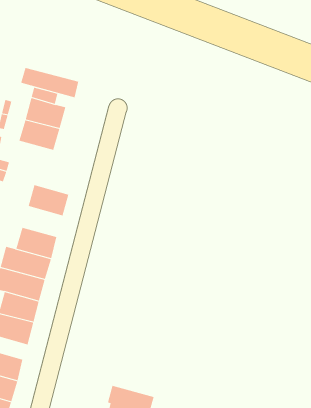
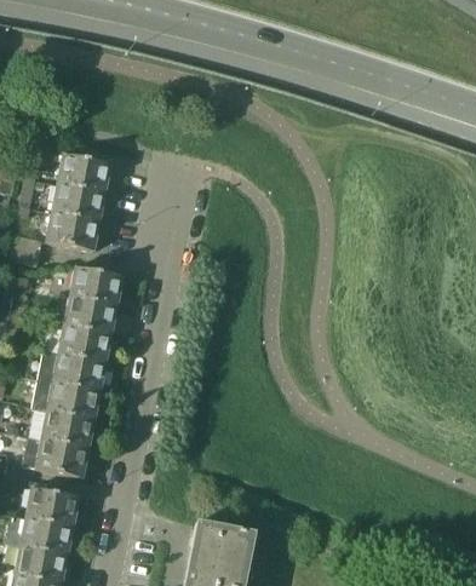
building: [20,67,79,98] -> none
building: none -> [44,213,97,253]
building: none -> [62,298,115,335]

